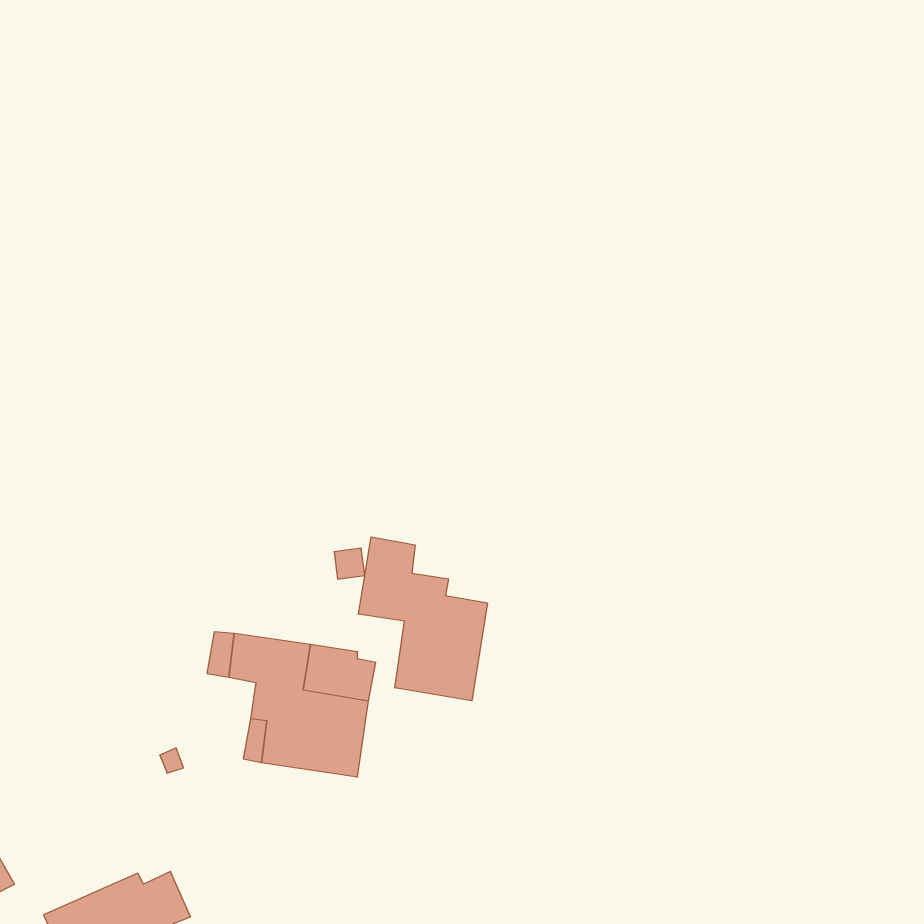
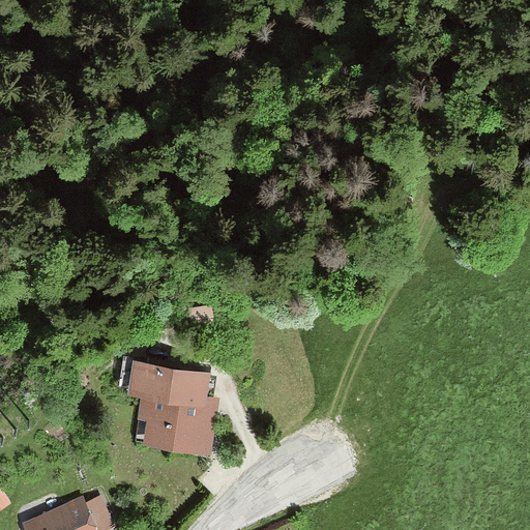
building: [358,537,487,701] -> none

